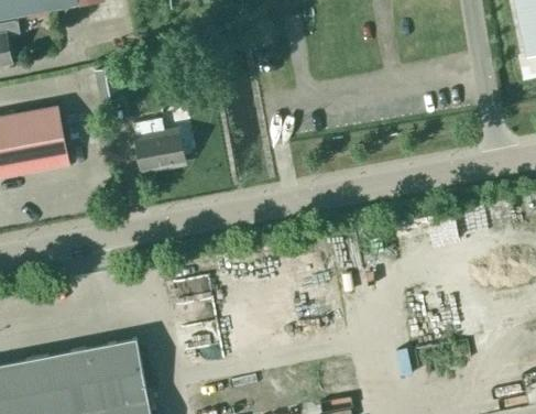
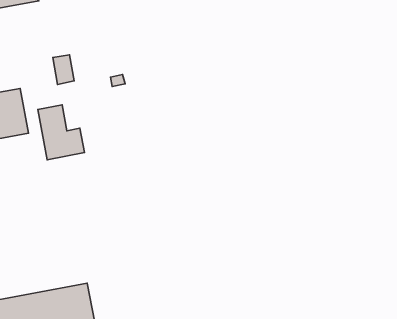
building: [130,106,185,171] -> [38,105,84,160]

